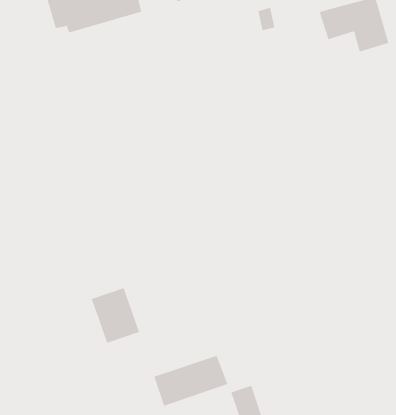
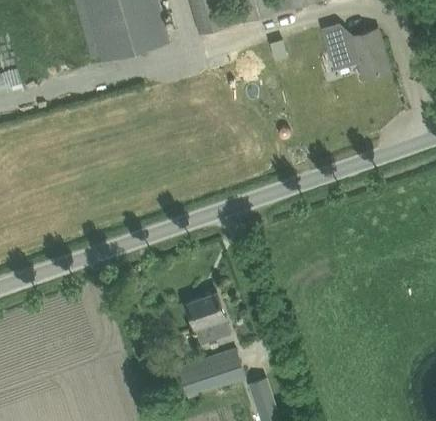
building: [91,288,140,344] -> [185,293,229,343]

